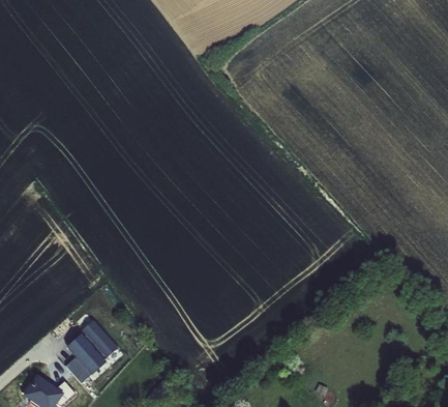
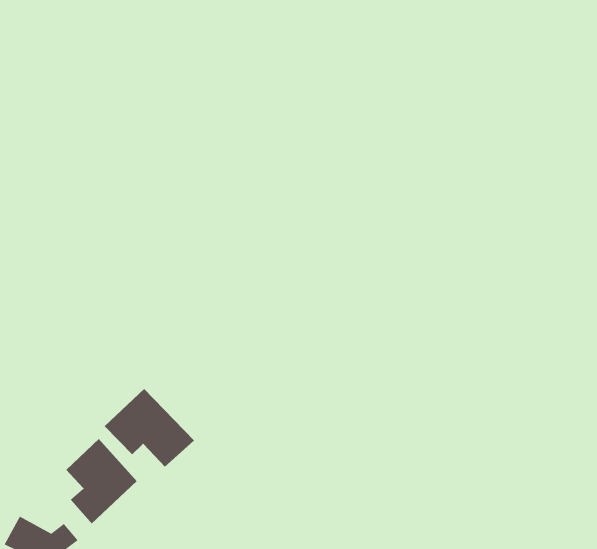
building: none -> [104,388,195,467]

